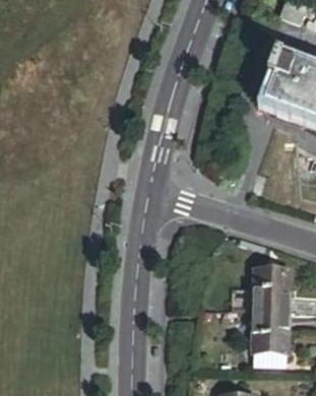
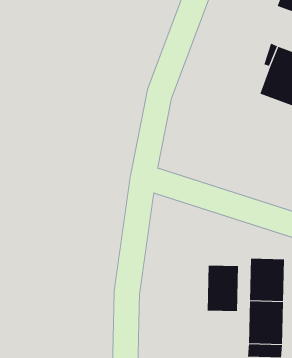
building: none -> [207,265,239,312]

